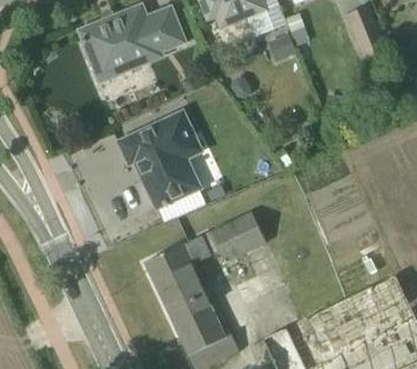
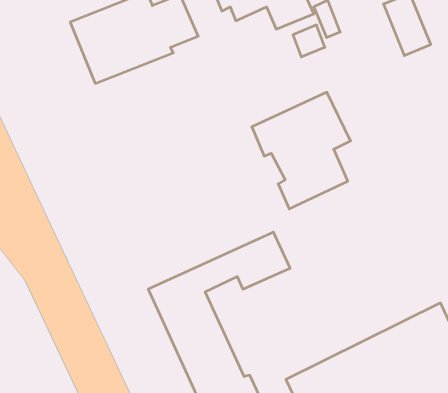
building: [117,110,203,211] -> [252,92,351,209]

